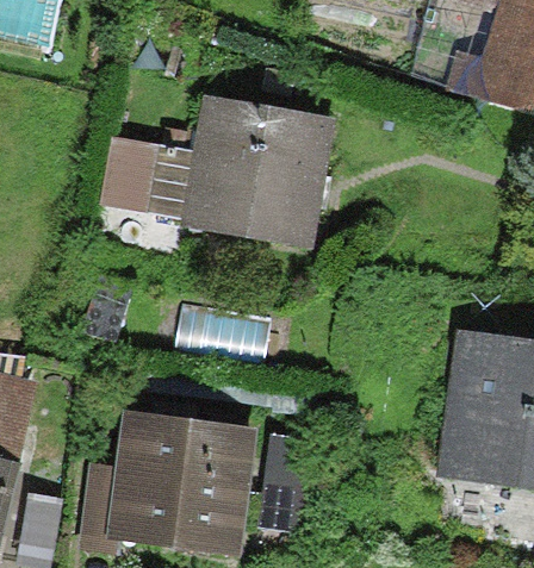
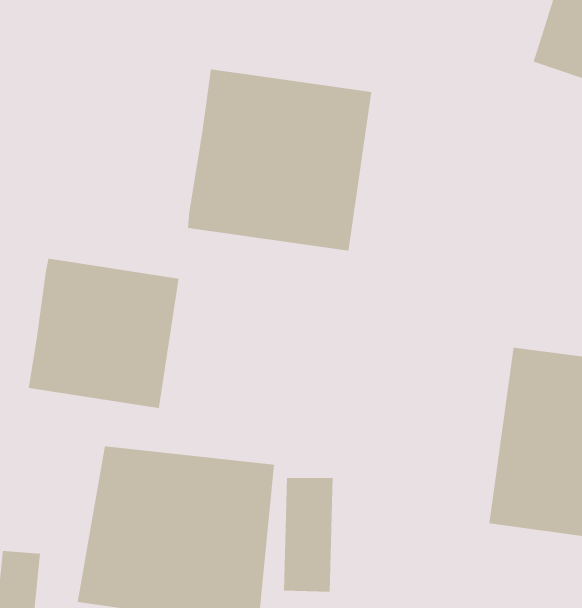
building: [103,136,198,216] -> none
building: none -> [28,258,179,409]

